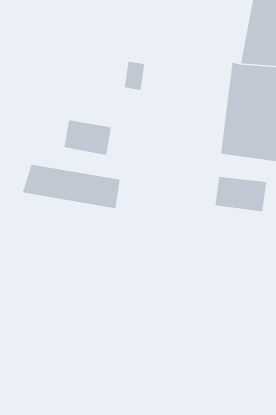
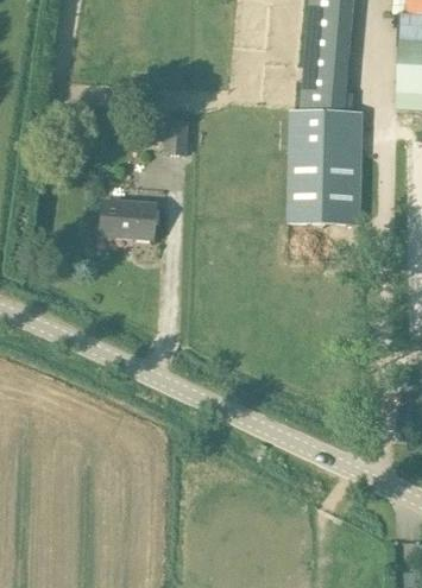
building: [22,164,120,209] -> none
building: [215,176,267,212] -> none

